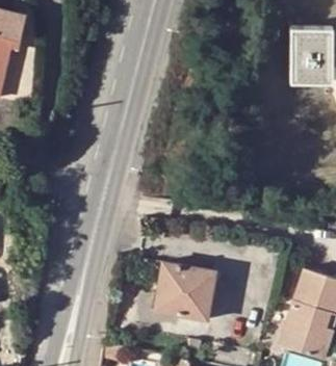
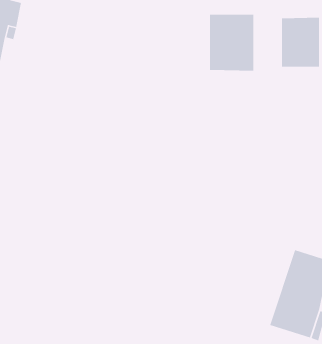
building: none -> [209,14,254,72]
building: [154,260,215,319] -> none

